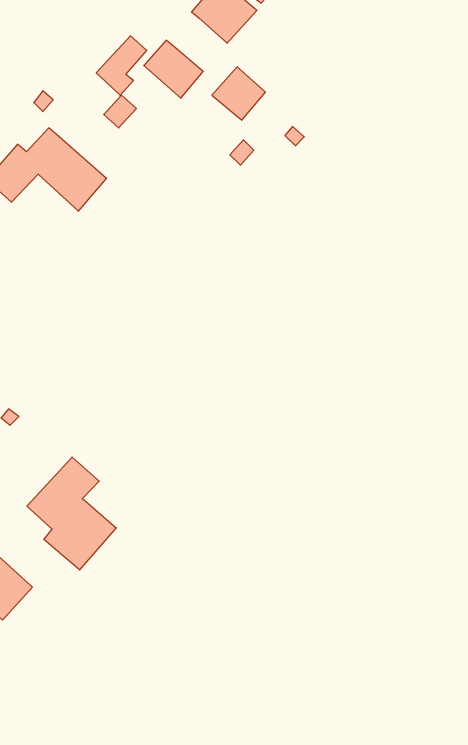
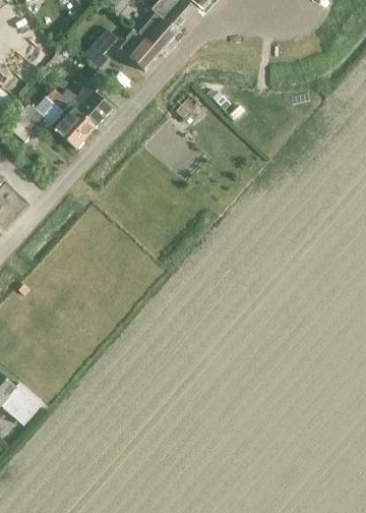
building: [212,67,265,120] -> [138,14,175,51]
building: none -> [60,87,110,125]
building: [27,457,116,570] -> none

